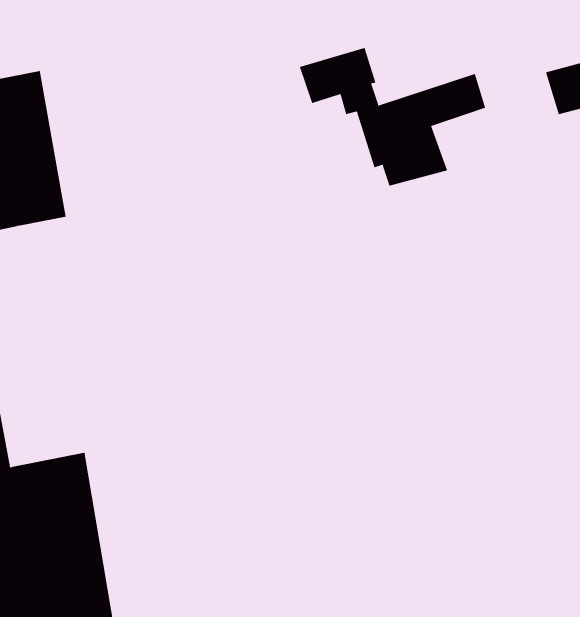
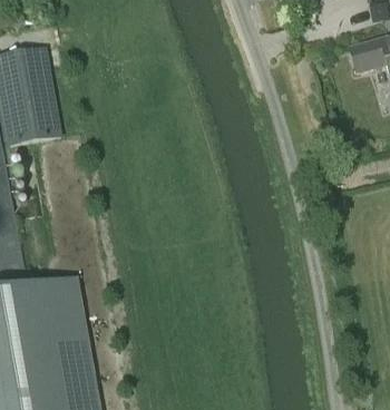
building: [299,47,486,186] -> none

